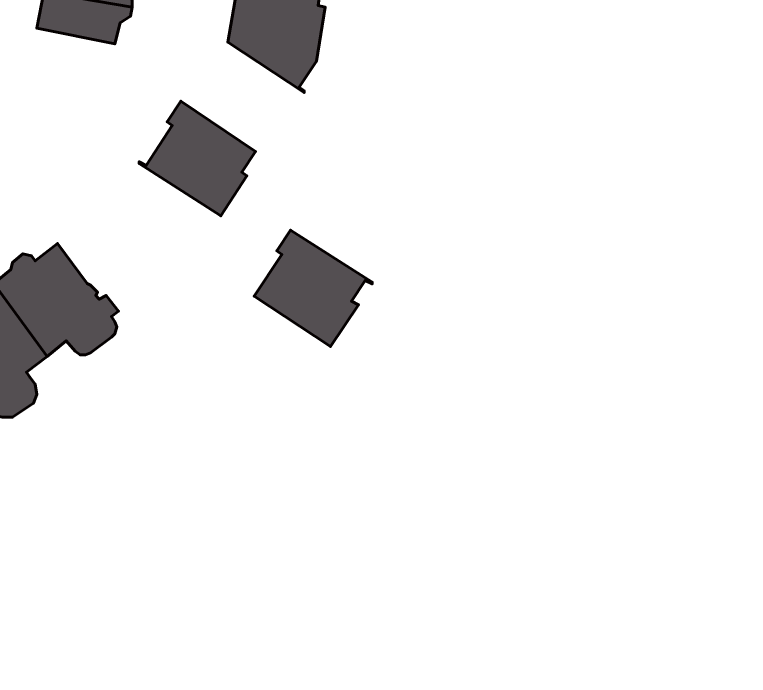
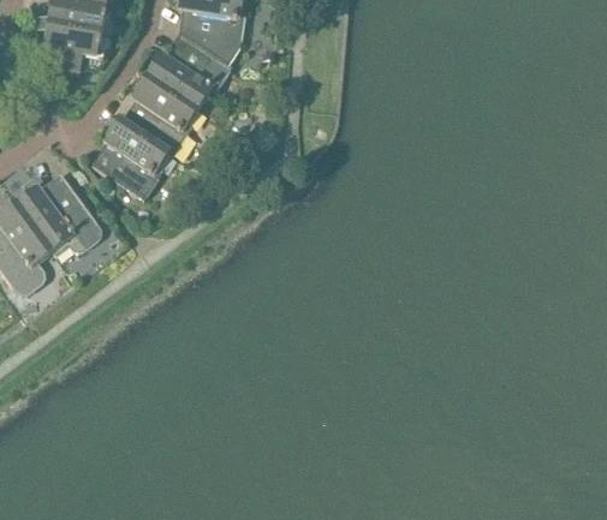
building: none -> [40,24,101,72]
building: none -> [144,34,230,109]
building: [254,230,372,346] -> [90,118,172,198]

